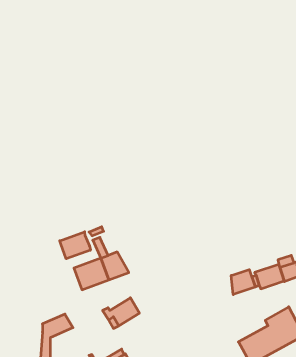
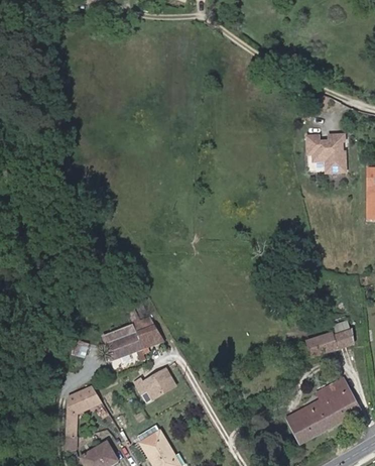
building: none -> [305,134,346,170]
building: [60,232,90,259] -> none
building: [231,270,255,295] -> none

